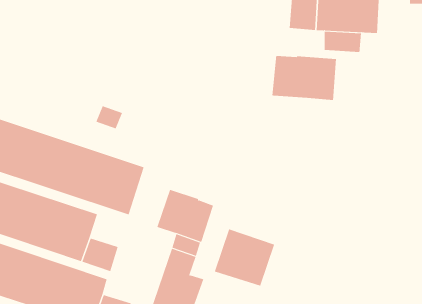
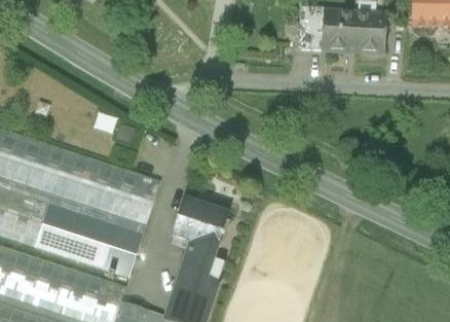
building: [324,31,362,53] -> none
building: [272,55,337,101] -> none
building: none -> [110,222,144,253]
building: [214,228,275,286] -> none

